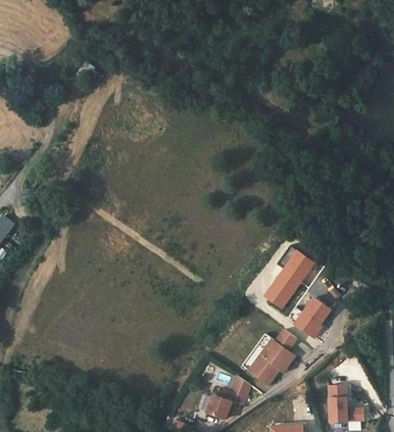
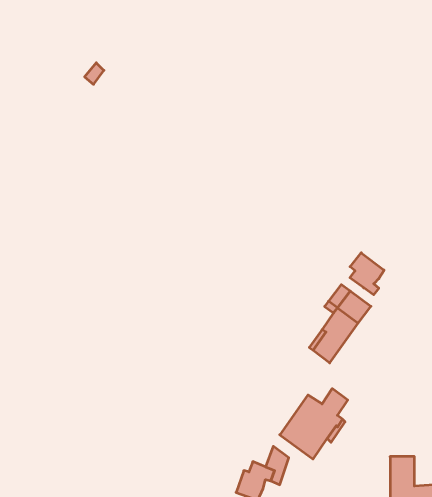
building: none -> [350,253,384,295]
building: [293,299,330,339] -> none

